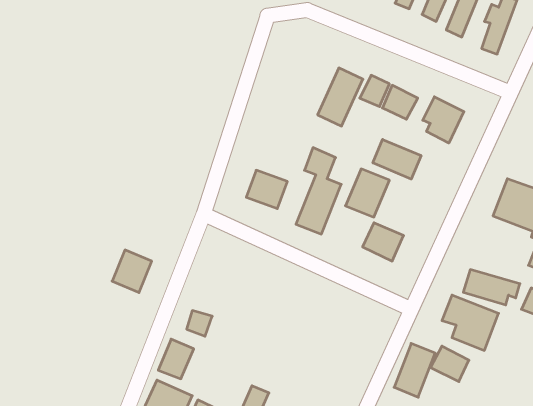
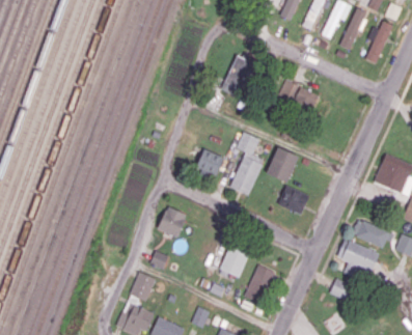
building: [318,68,363,126] -> [221,55,254,97]
building: [423,97,464,143] -> none
building: [373,139,421,179] -> none
building: [112,250,152,293] -> [158,206,187,238]
building: none -> [220,245,249,278]
building: [394,343,435,397] -> [245,264,275,304]

